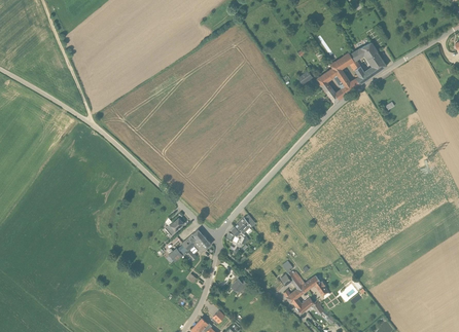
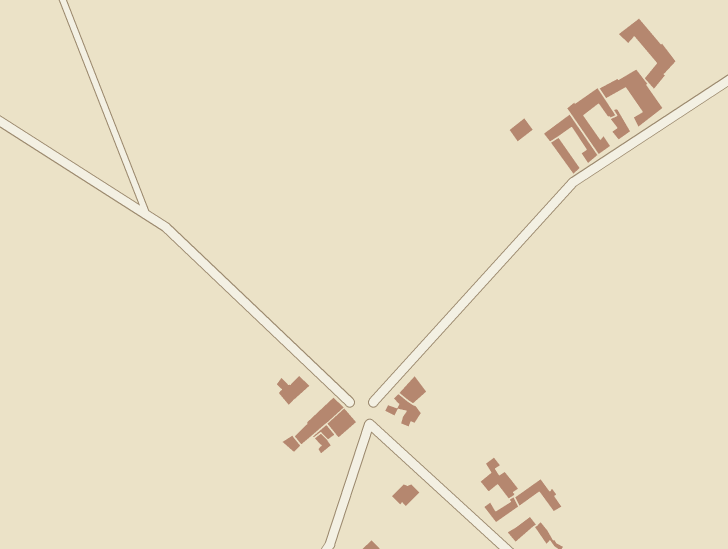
building: none -> [618,17,676,90]

